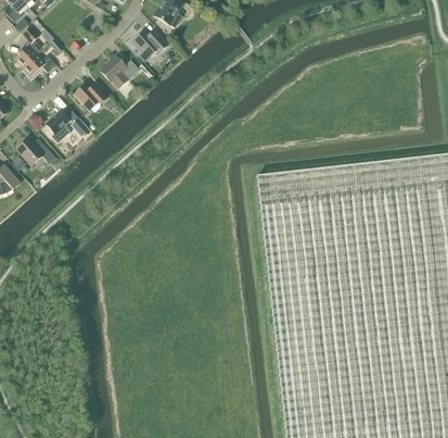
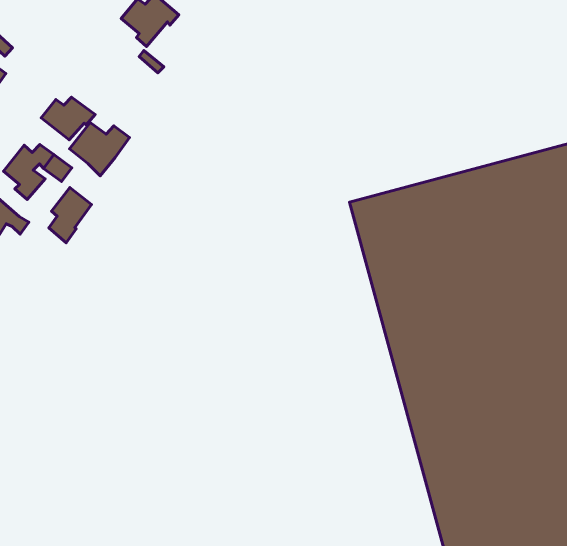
building: [103,57,141,90] -> [70,123,130,176]
building: none -> [49,187,91,243]

